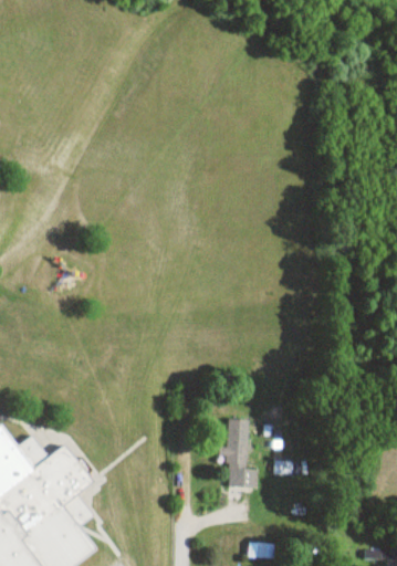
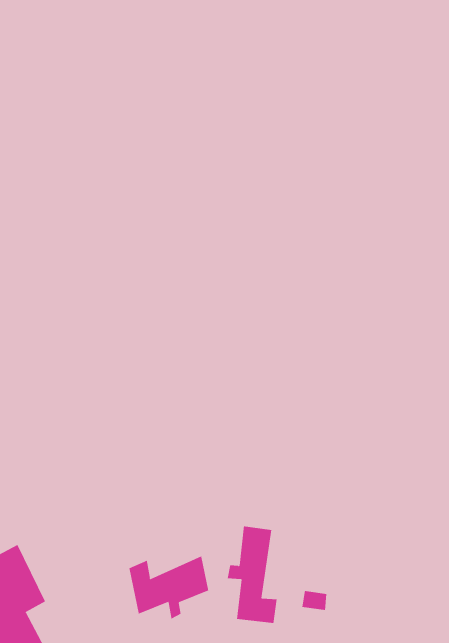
building: none -> [129,555,209,620]

